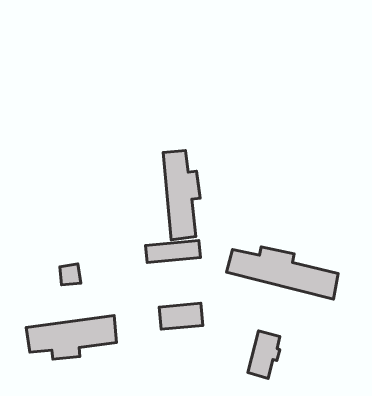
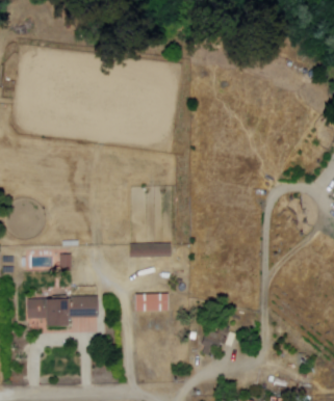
building: [163,151,200,240] -> none
building: [227,247,338,299] -> none

